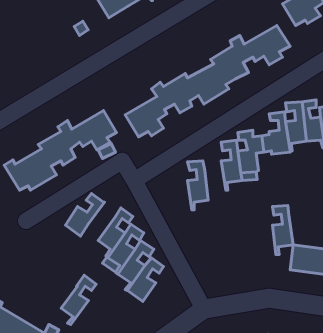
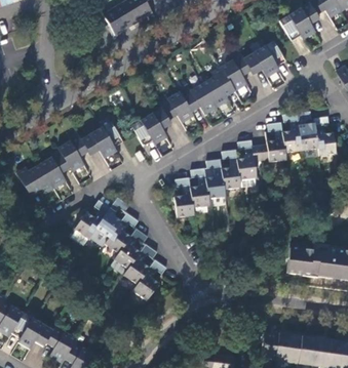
building: none -> [173,178,193,217]
building: [273,206,293,255] -> [205,160,225,206]
building: [61,275,96,324] -> [95,198,128,244]

